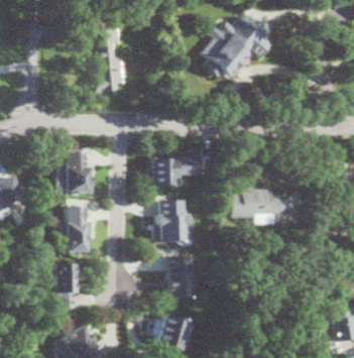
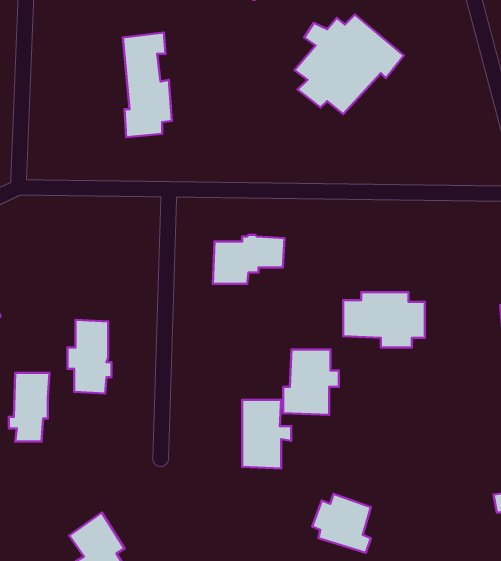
building: [64,153,97,193] -> none
building: [155,201,190,241] -> [283,349,339,415]
building: [52,263,78,306] -> [9,373,50,441]
building: [151,313,188,349] -> [312,494,371,553]

